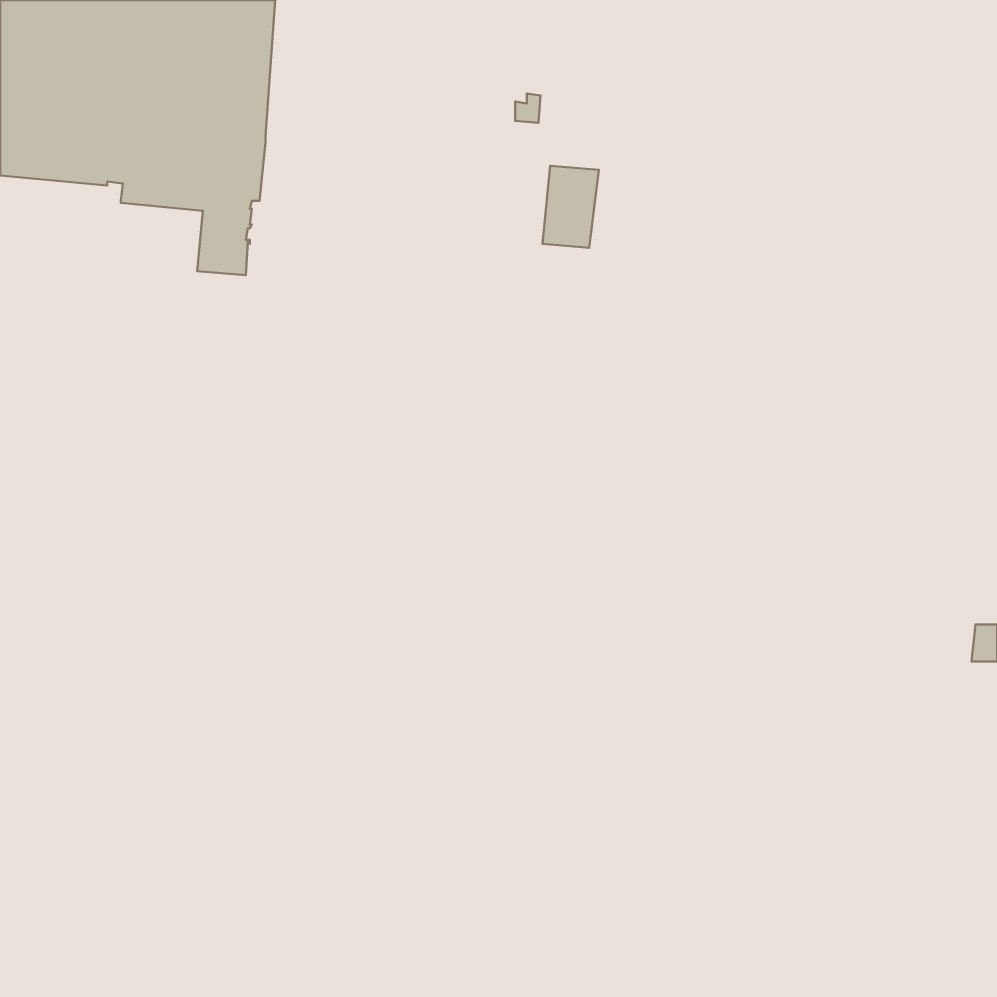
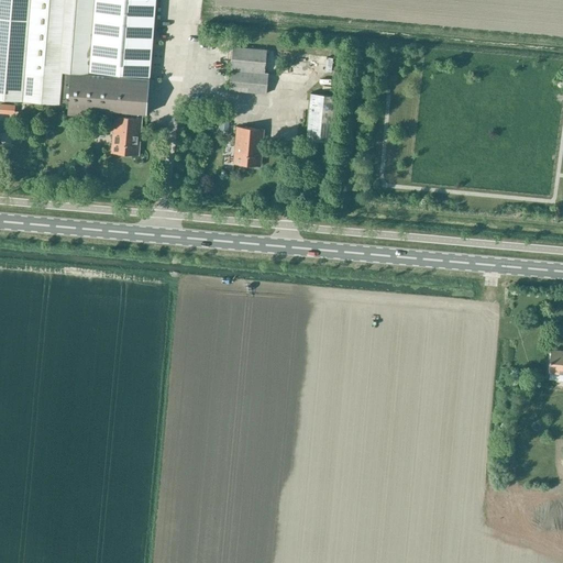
building: none -> [229,46,280,95]
building: none -> [233,126,264,167]

